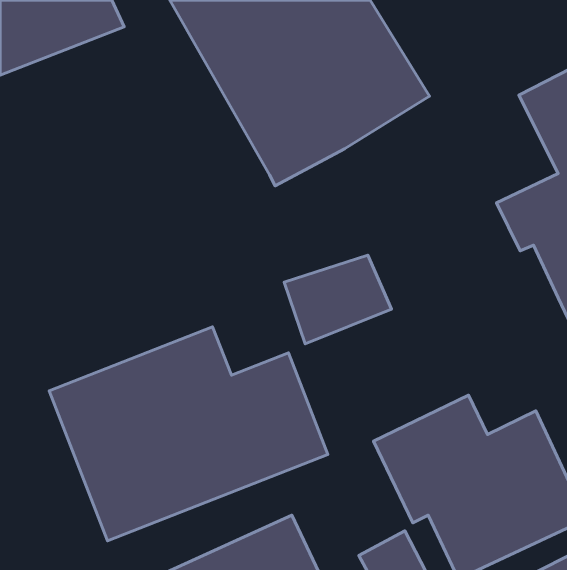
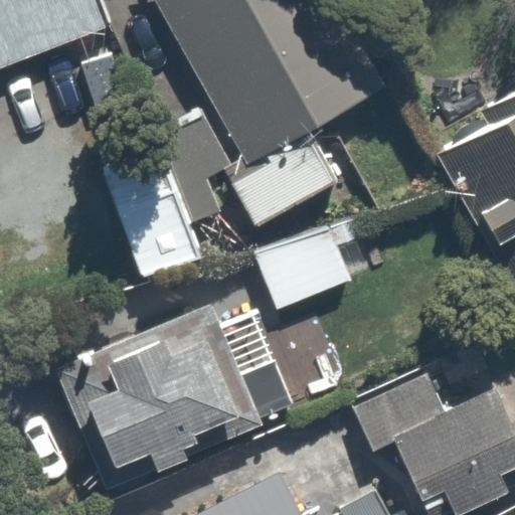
building: none -> [97,136,206,275]
building: none -> [226,136,341,230]

